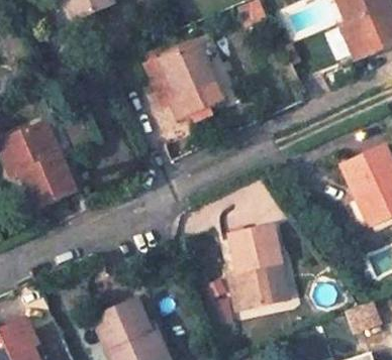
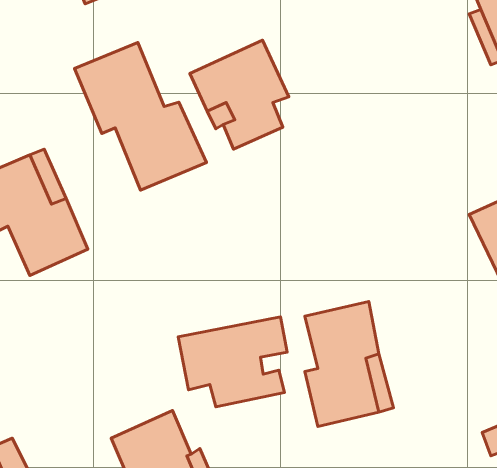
building: none -> [74,43,207,190]
building: none -> [178,317,287,407]

